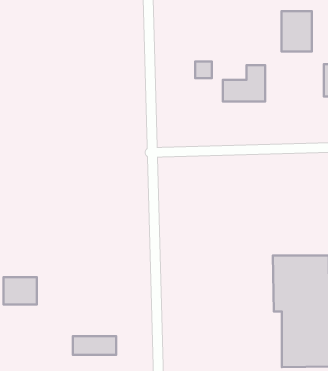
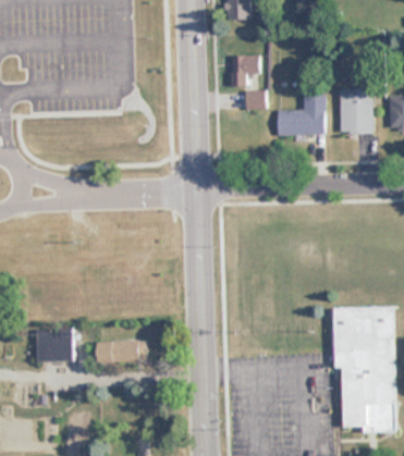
building: [281,11,312,51] -> [339,89,372,134]
building: none -> [229,54,259,87]
building: [73,336,116,355] -> [97,341,145,361]

